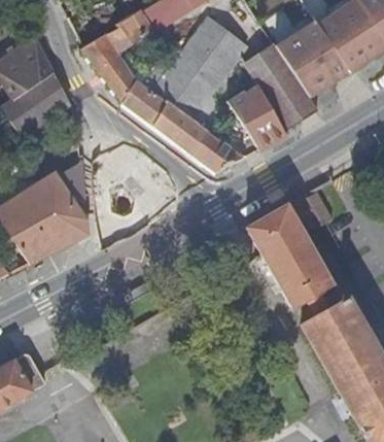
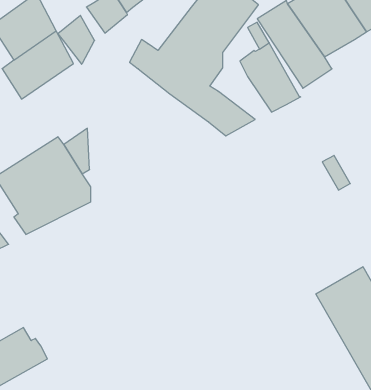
building: [101,57,136,103] -> [58,15,95,64]
building: [243,195,329,307] -> none

